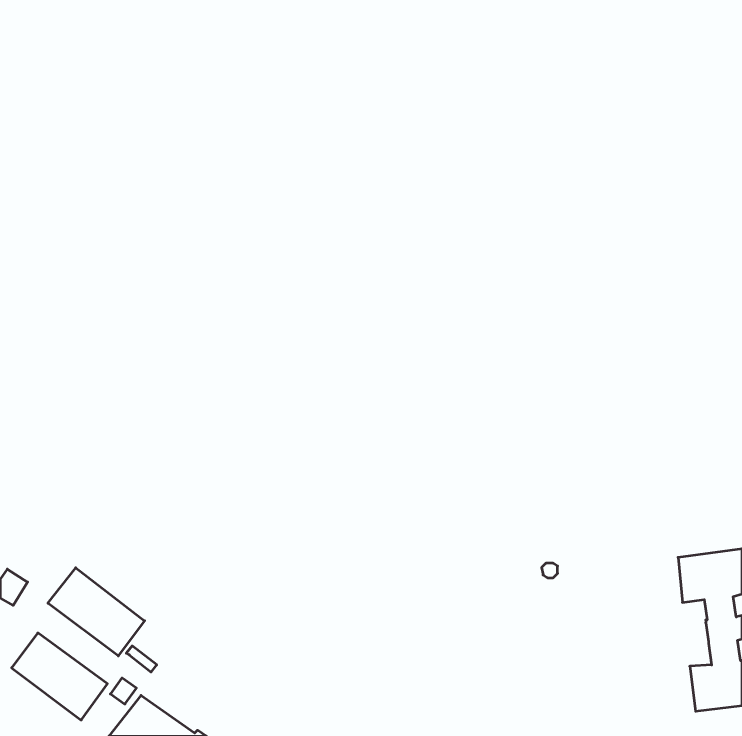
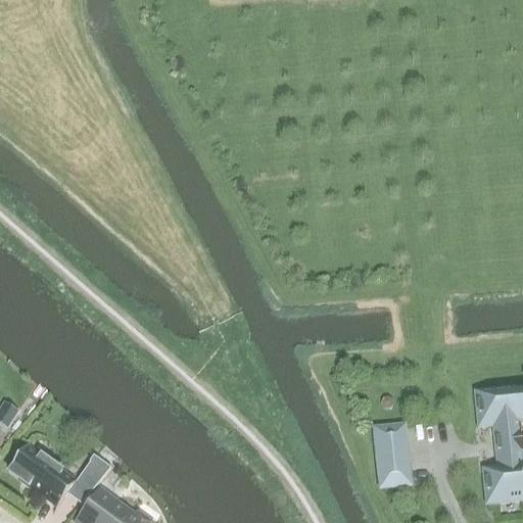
building: [48,568,145,656] -> none
building: none -> [376,426,409,485]

